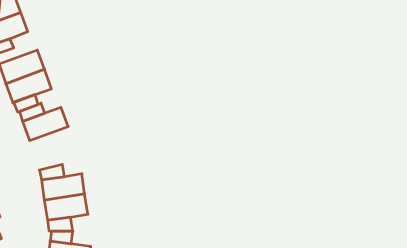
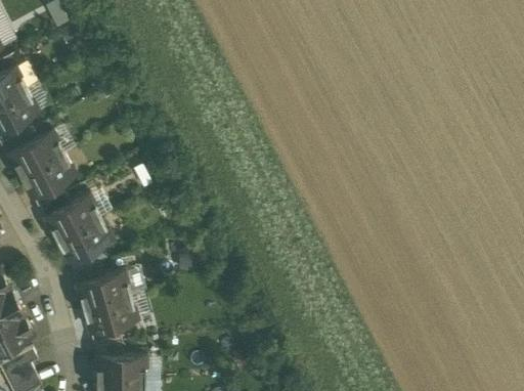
building: none -> [57,219,113,263]

